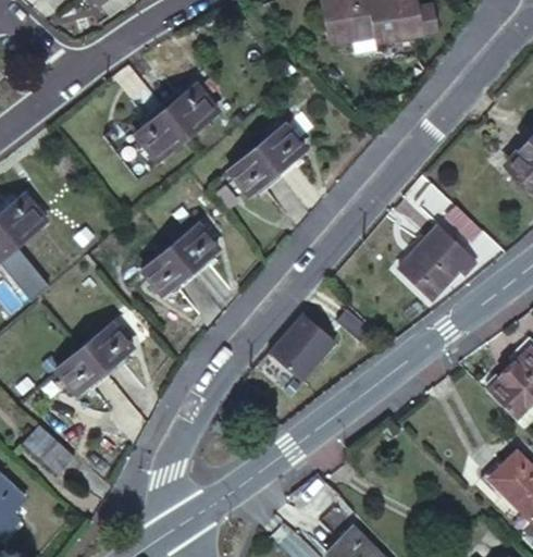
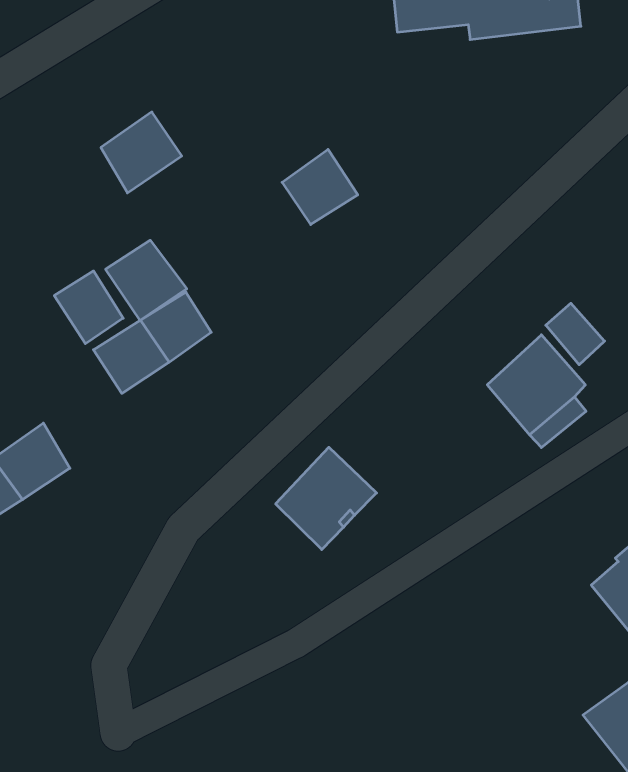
building: [163,82,219,134] -> none
building: [225,145,276,196] -> none
building: none -> [106,240,187,320]
building: none -> [54,271,123,344]

